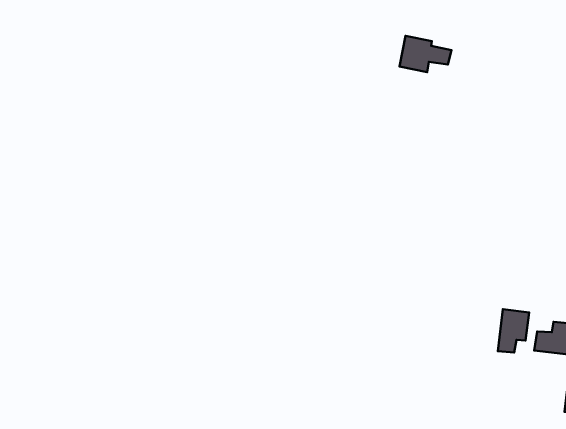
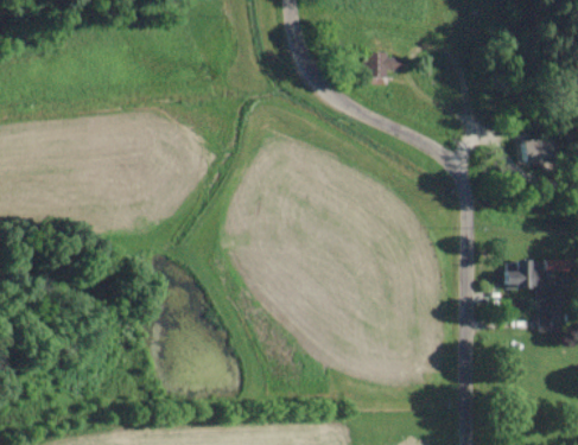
building: [498,309,529,353] -> none

